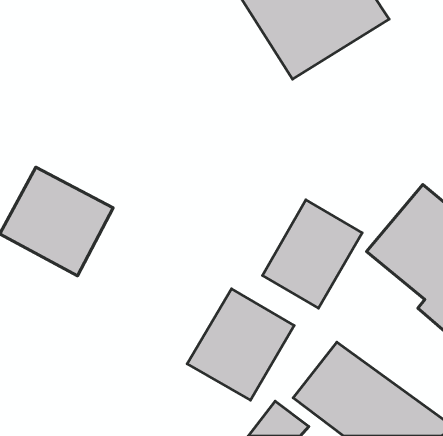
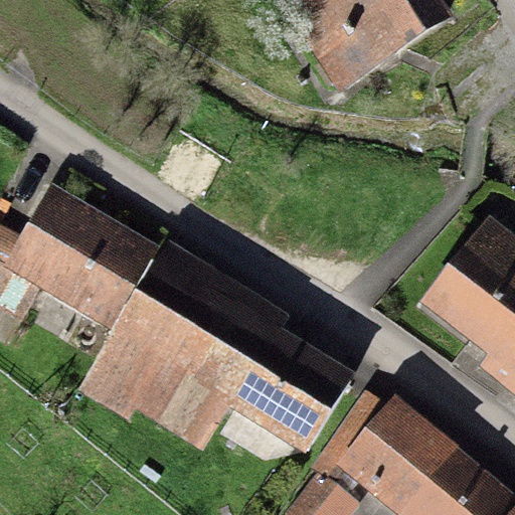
building: [262,200,362,308] -> none
building: none -> [85,250,279,450]

